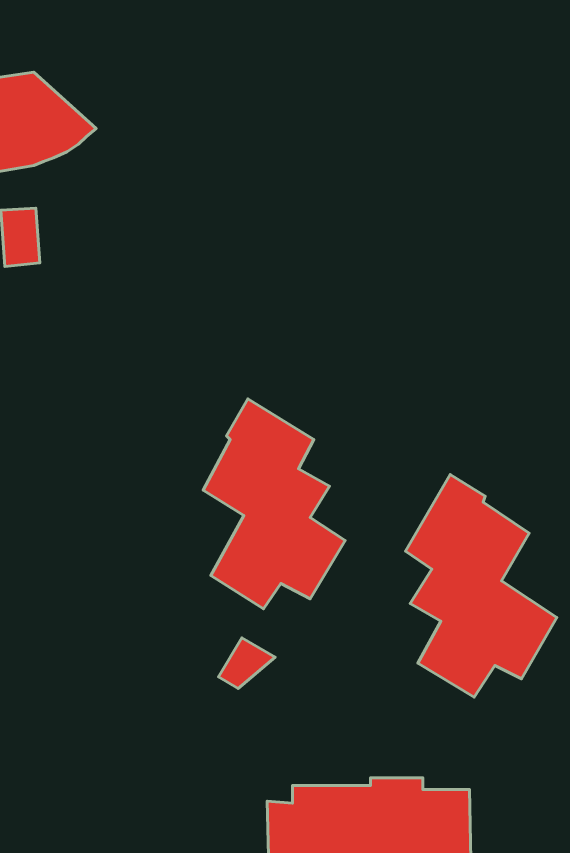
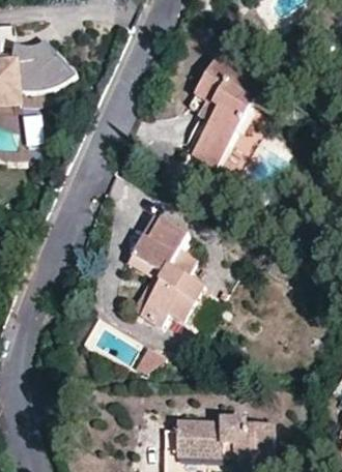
building: none -> [190,57,278,168]
building: [405,474,557,697] -> none

